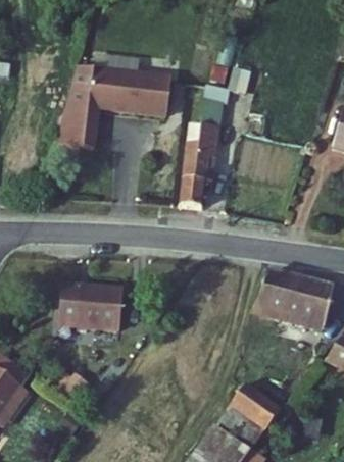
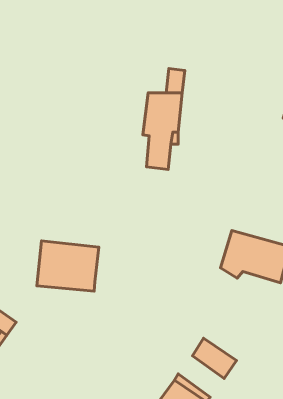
building: [59,63,174,145] -> none
building: [217,409,263,450] -> none

